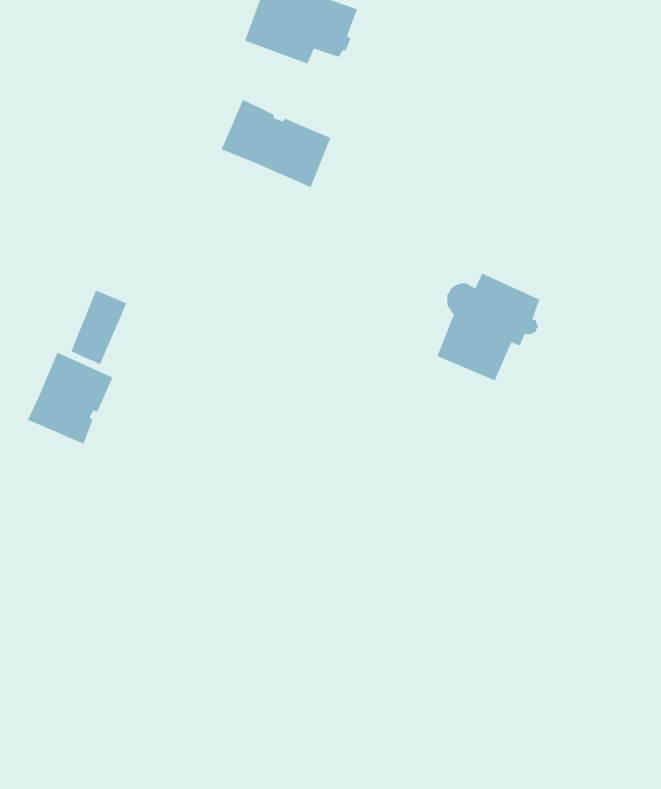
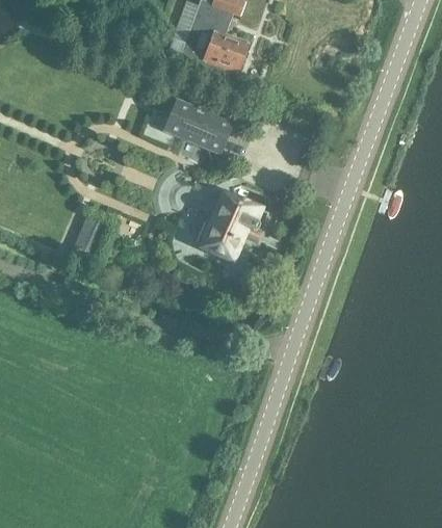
building: [437,273,540,381] -> [197,191,261,259]
building: [27,352,113,445] -> none

